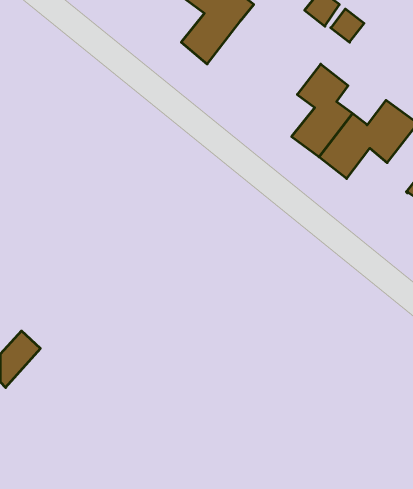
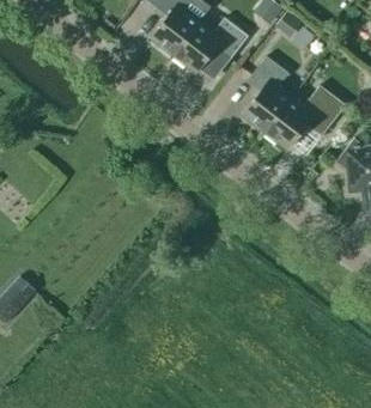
building: none -> [172,17,248,72]

